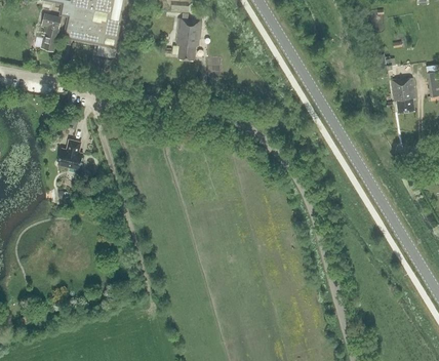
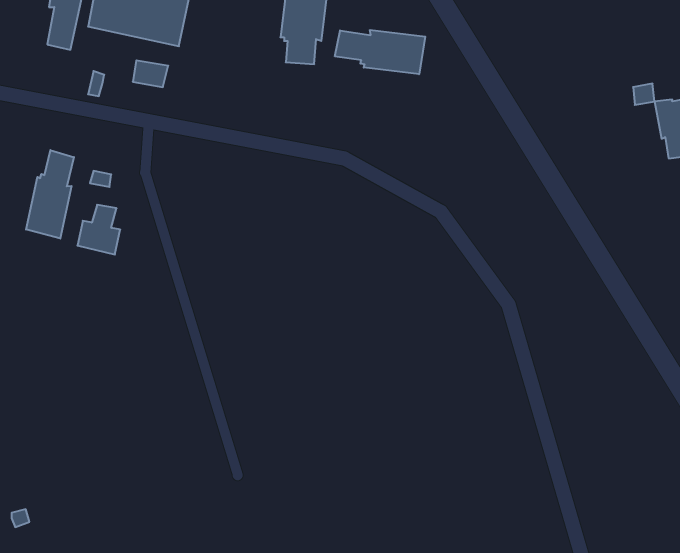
building: none -> [335,30,425,74]
building: none -> [26,150,74,239]

